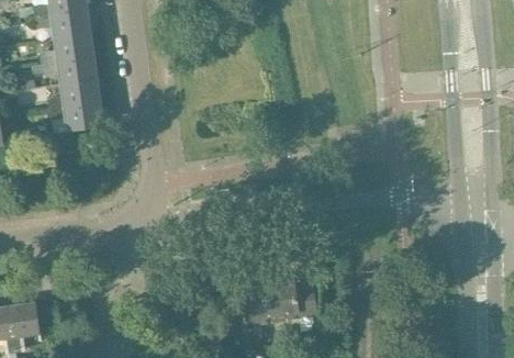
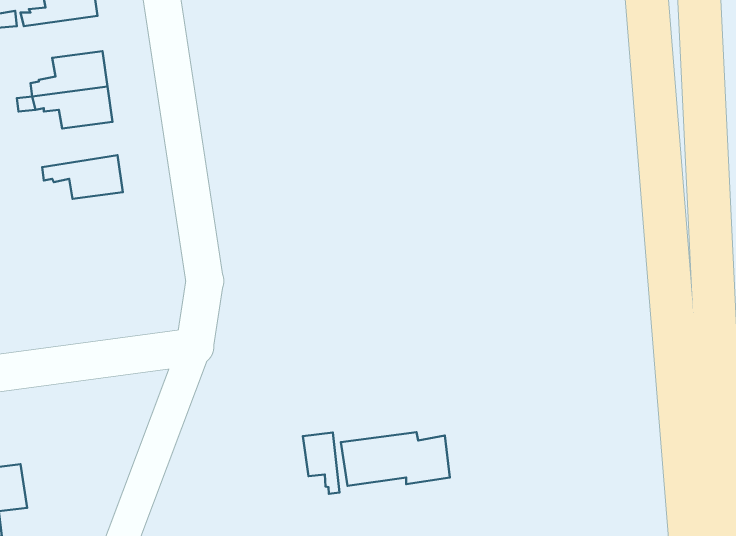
building: [37,12,89,40] -> none
building: [48,81,99,111] -> none
building: none -> [303,432,340,494]

